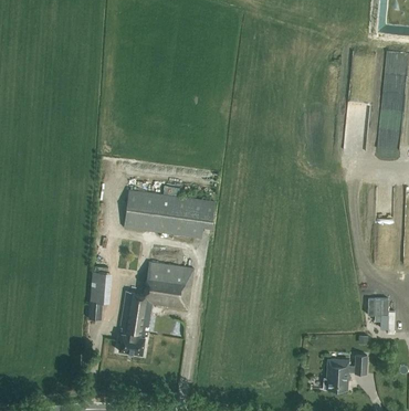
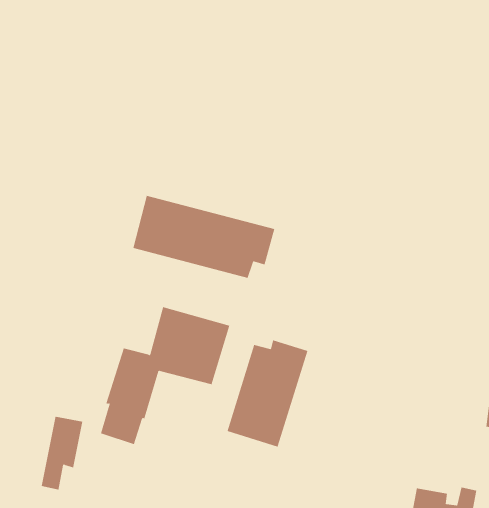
building: [88,273,111,320] -> [41,416,83,490]
building: none -> [227,340,308,448]

